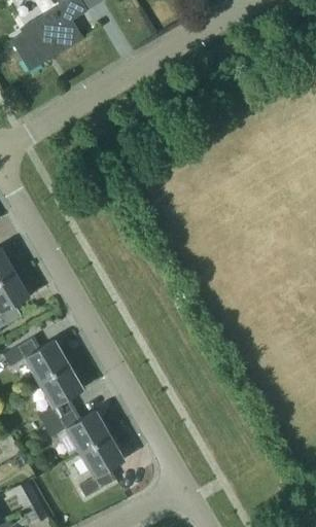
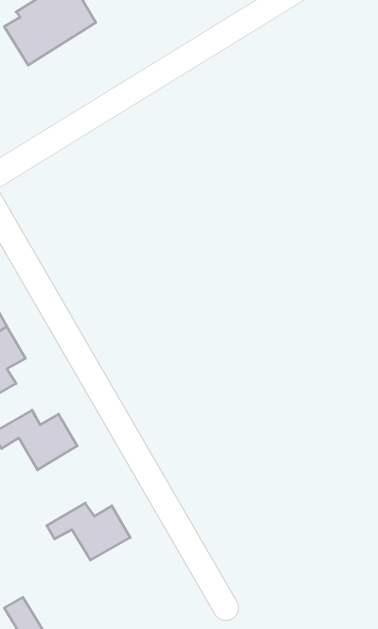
building: [38,364,83,426] -> none
building: [79,435,125,497] -> none

